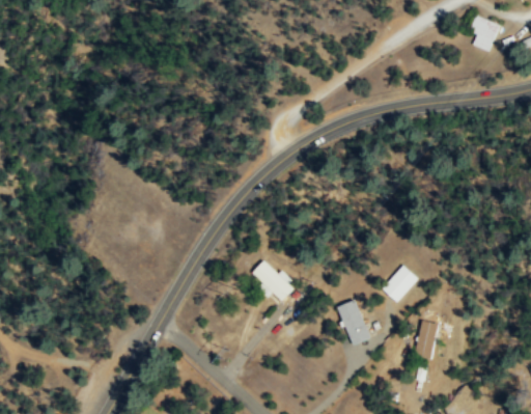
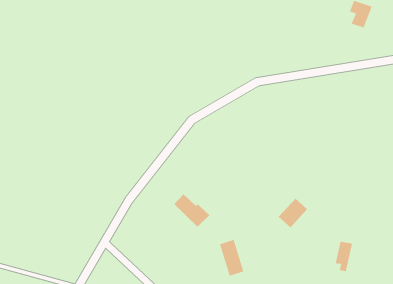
building: [337,299,368,346] -> [219,239,244,277]
building: [415,321,438,359] -> [335,241,353,272]

